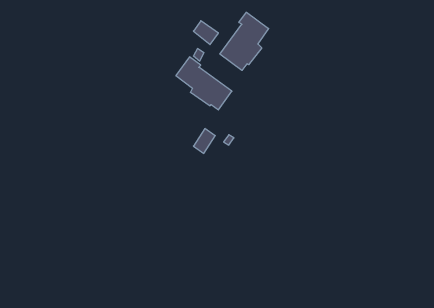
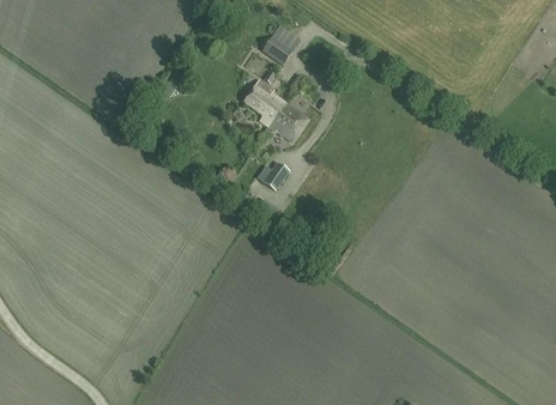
building: [220,12,269,70] -> none

